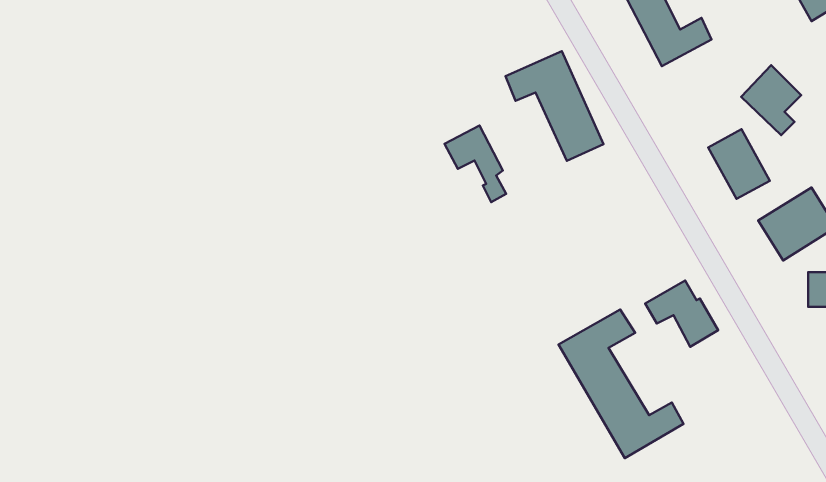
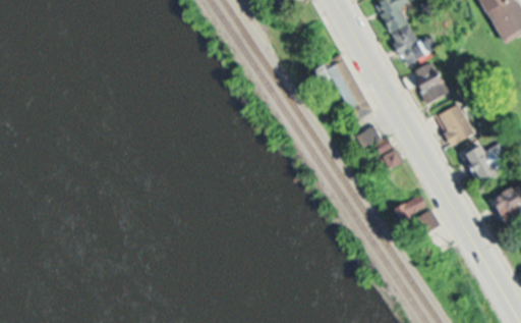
building: [741,65,801,135] -> [410,60,447,103]
building: [445,126,506,202] -> [355,124,393,171]
building: [559,309,684,458] -> none

